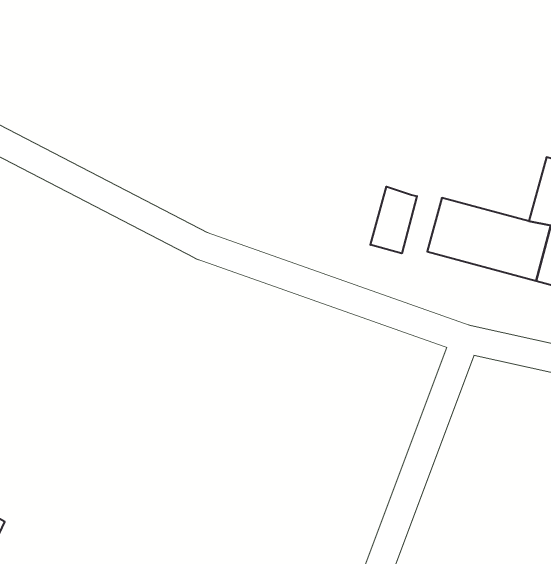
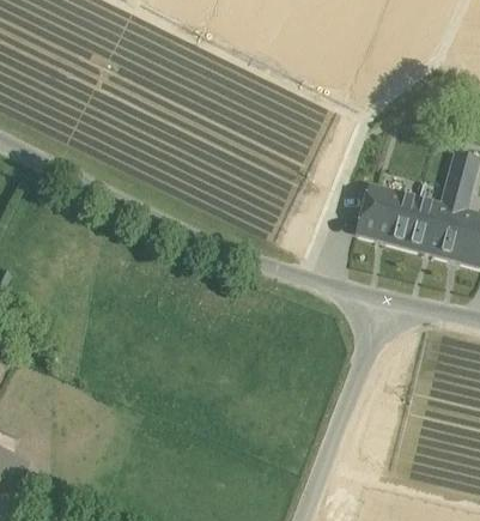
building: [370,187,417,253] -> none

